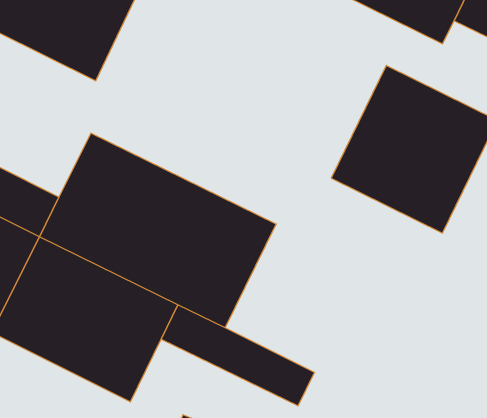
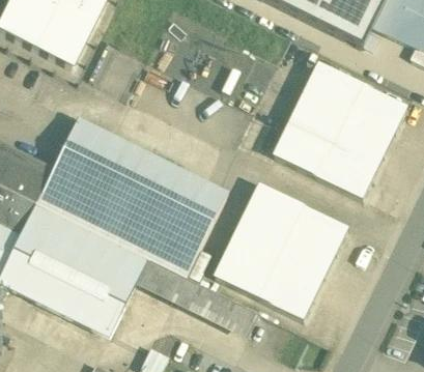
building: none -> [214,182,347,317]

